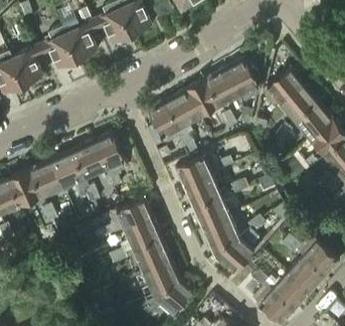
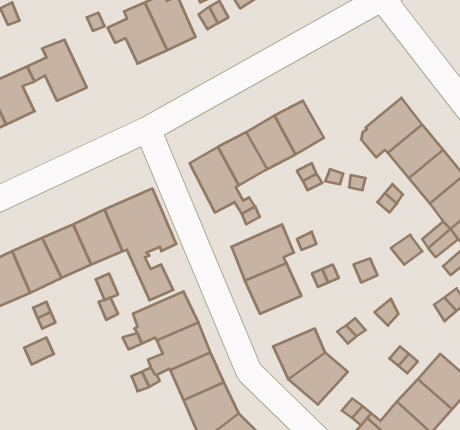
building: [63,20,98,60] -> none
building: [224,58,261,103] -> none
building: [195,201,232,235] -> none

